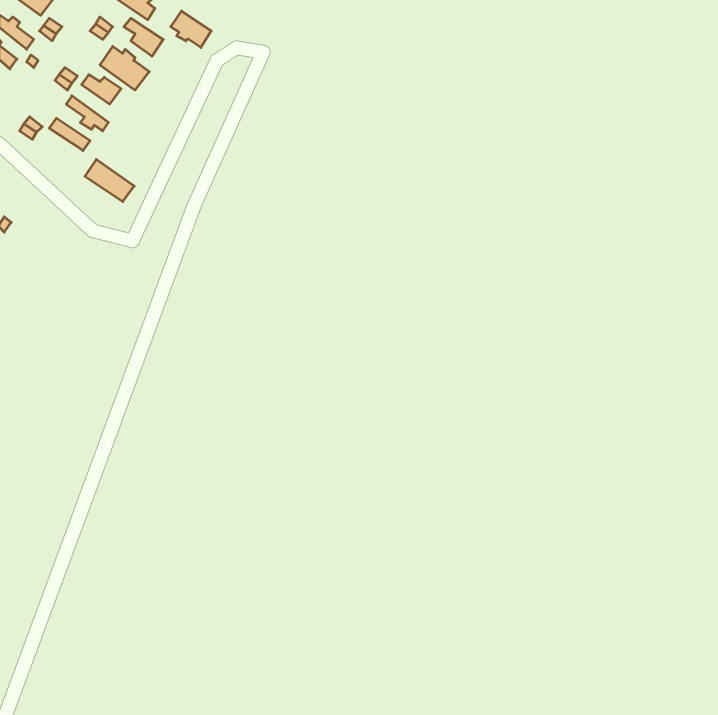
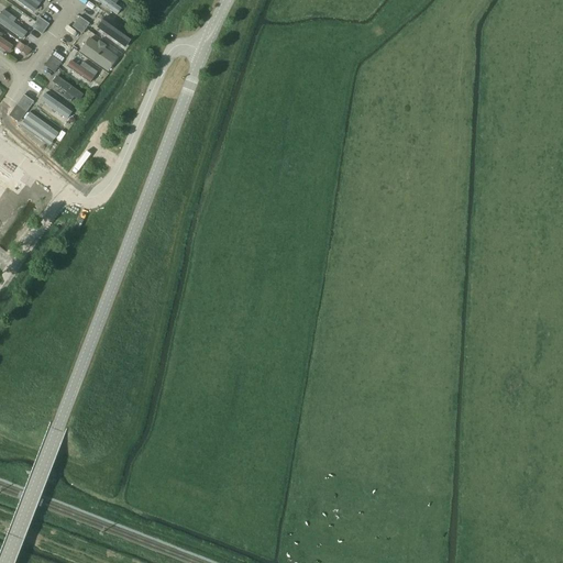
building: [171,11,211,48] -> none
building: [85,159,134,202] -> [20,112,58,145]

